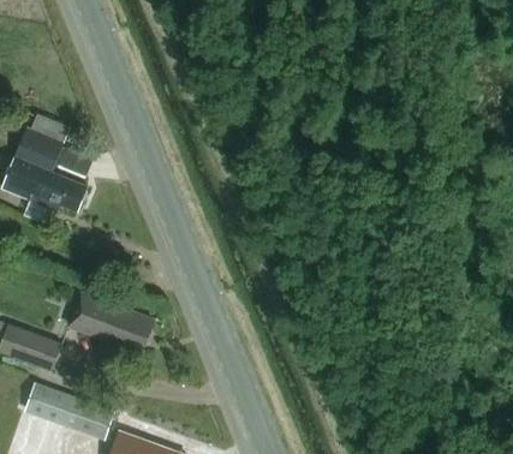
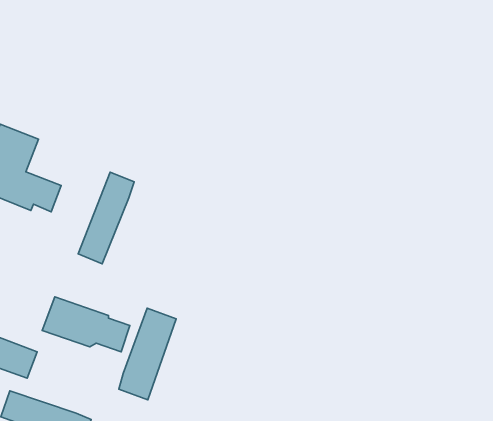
building: none -> [78,172,134,264]
building: none -> [119,308,176,400]

